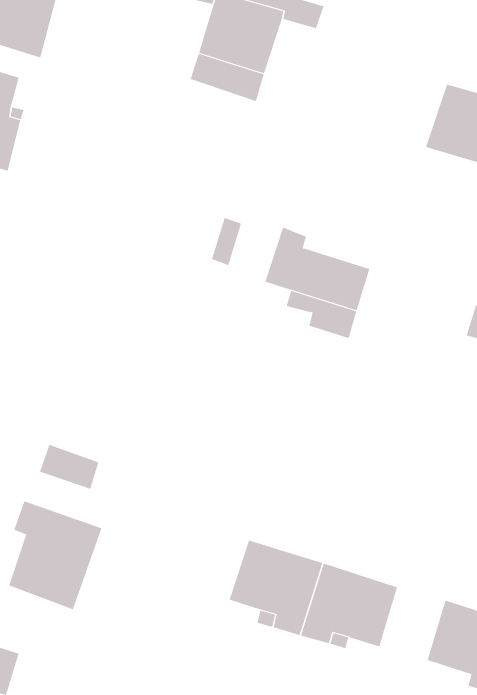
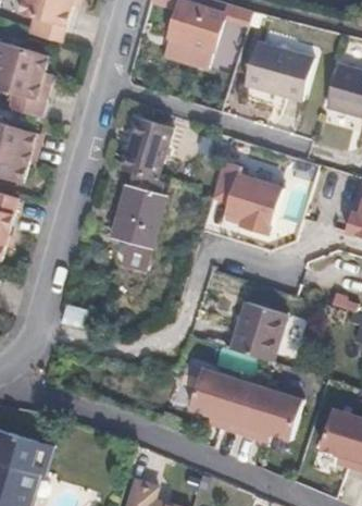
building: none -> [244,39,308,99]
building: none -> [124,116,172,178]
building: none -> [111,183,164,269]
building: none -> [230,301,288,361]
building: [8,500,102,610] -> none

